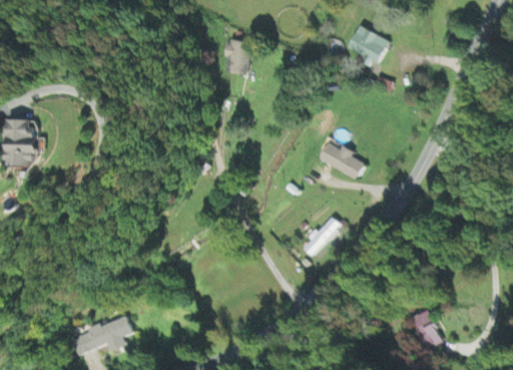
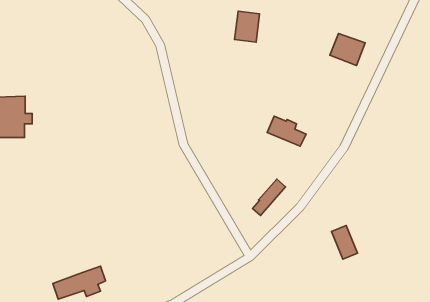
building: [347,27,388,64] -> [330,33,365,65]
building: [220,39,249,75] -> [235,11,260,42]
building: [412,311,442,350] -> [331,226,357,259]

